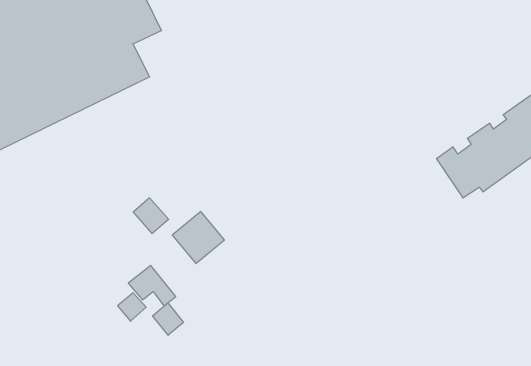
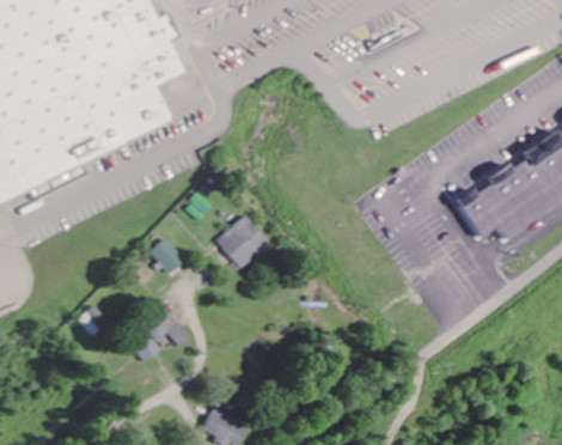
building: [172,211,224,264] -> [219,217,271,269]
building: [153,303,184,335] -> none

